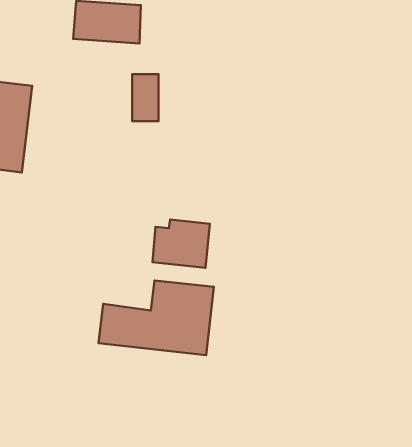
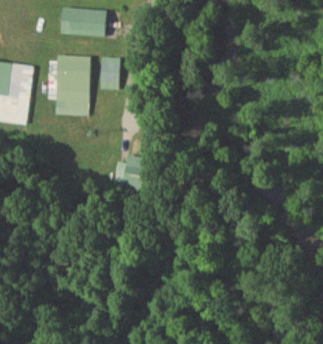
building: none -> [56,55,91,115]
building: [99,280,214,355] -> none

